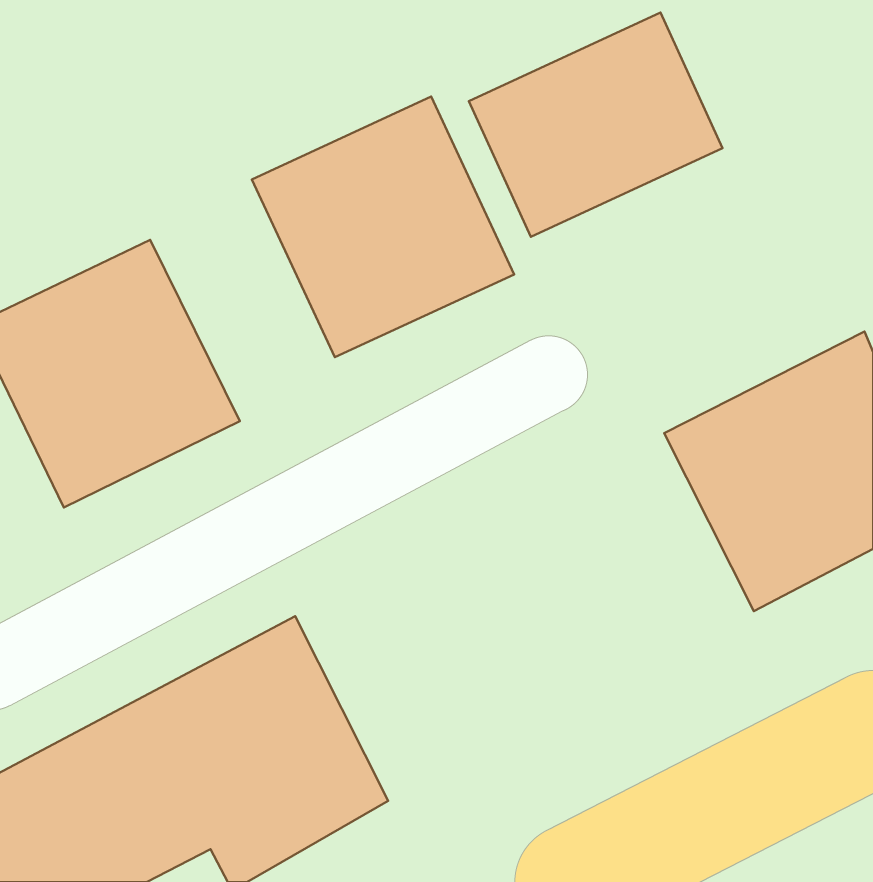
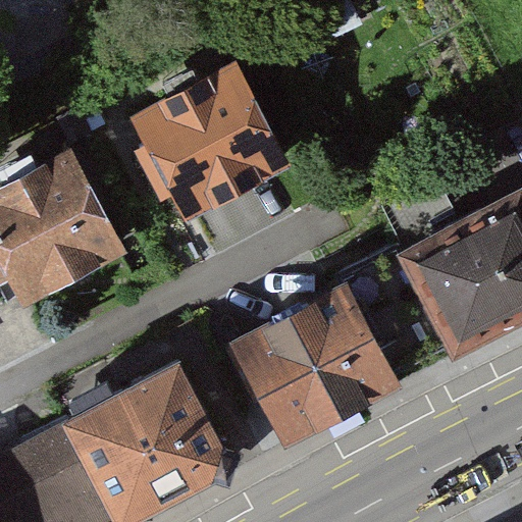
building: [469,12,722,237] -> none
building: none -> [221,284,395,450]

